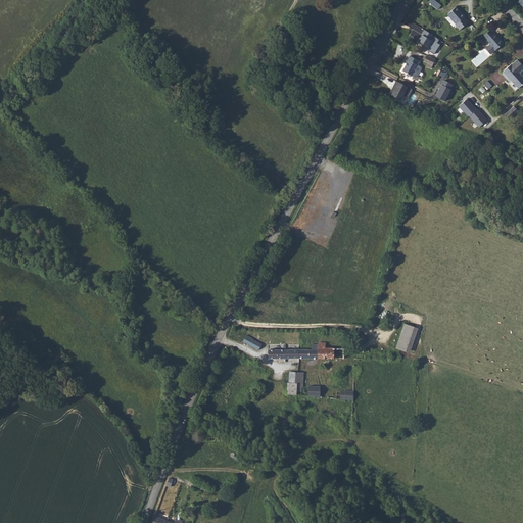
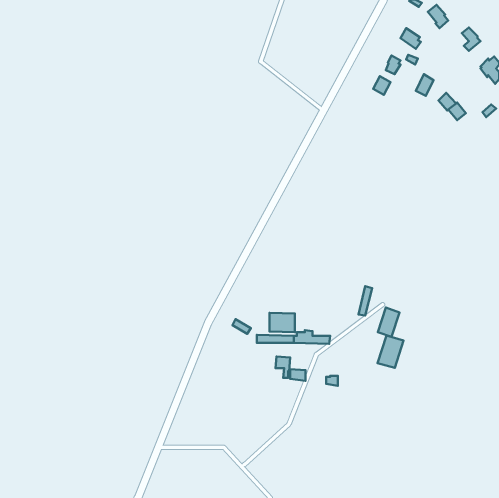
building: none -> [270,313,295,332]
building: none -> [378,335,404,368]

